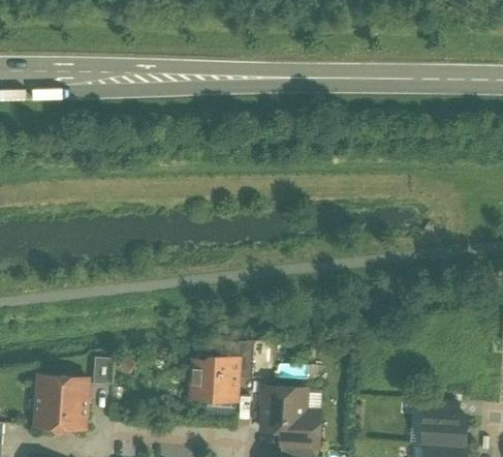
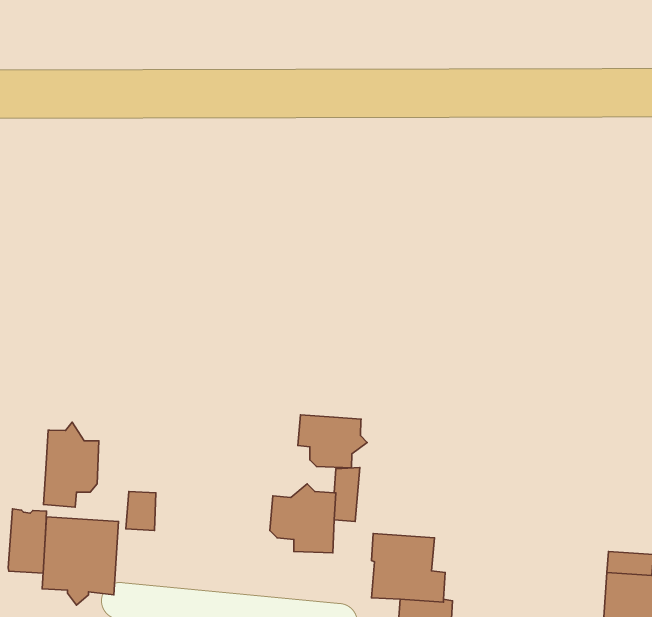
building: none -> [298,415,367,468]
building: none -> [44,422,99,507]
building: none -> [8,509,47,573]

